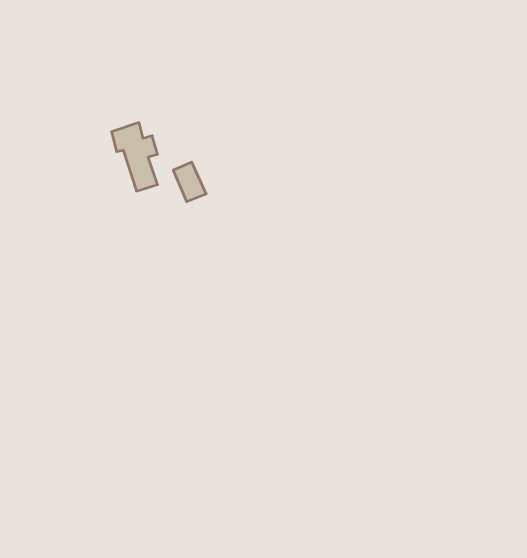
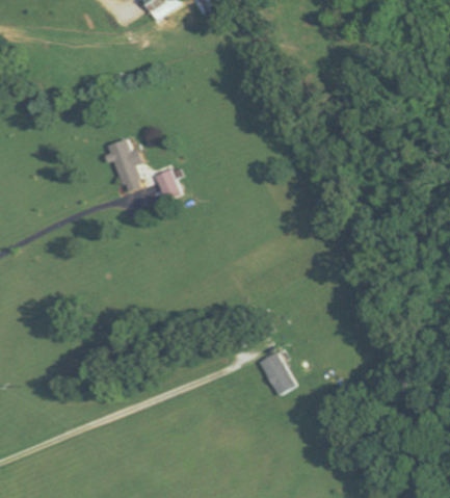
building: none -> [259,350,295,395]

